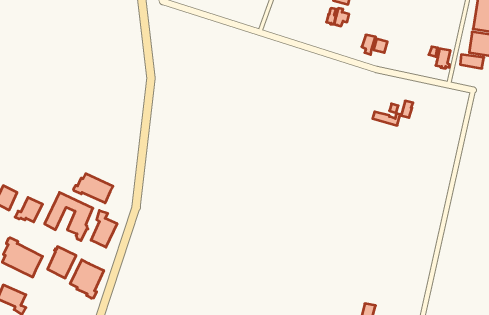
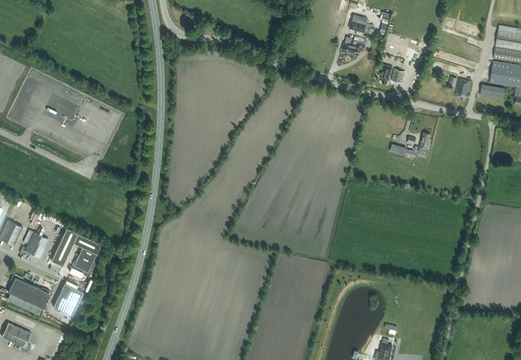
building: [74,174,113,203] -> none
building: [91,210,117,247] -> none
building: [70,260,104,298] -> none

